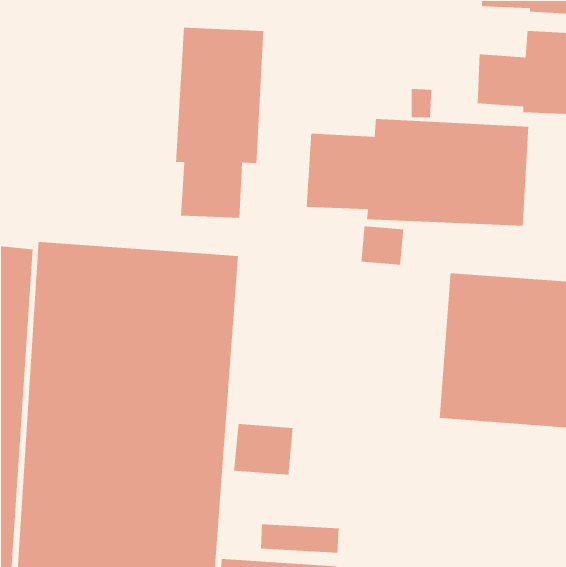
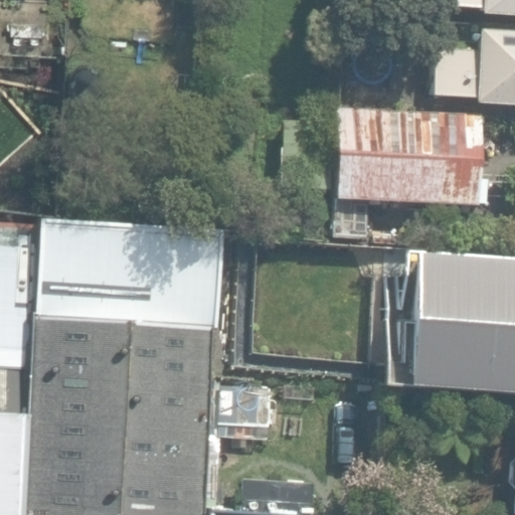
building: [175,27,264,218] -> none

